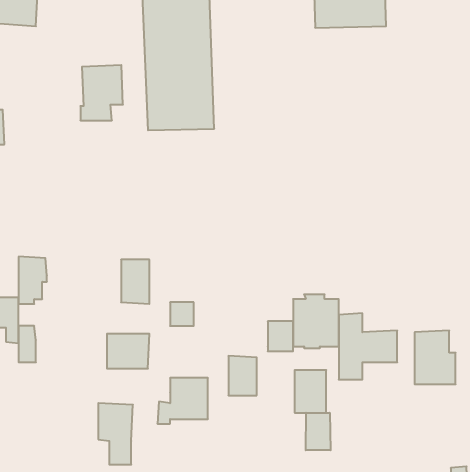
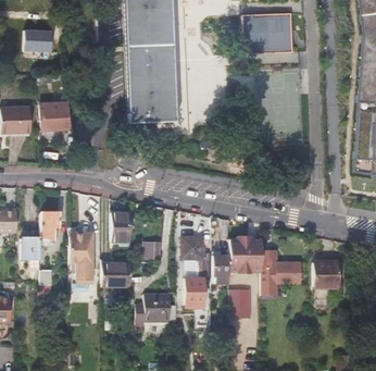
building: [80,65,123,120] -> [38,102,67,140]
building: none -> [180,236,202,259]
building: [98,403,133,465] -> [67,238,91,281]
building: [306,413,331,450] -> none

